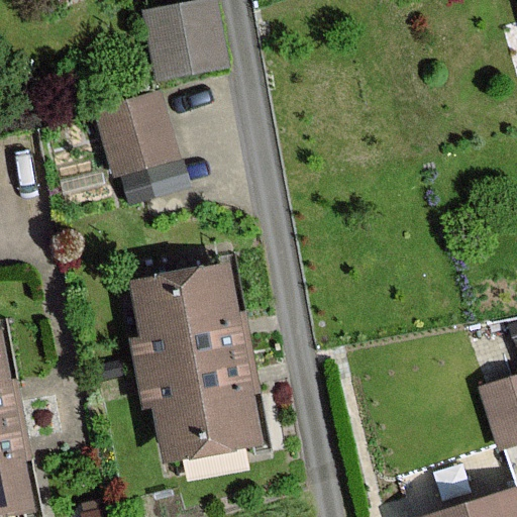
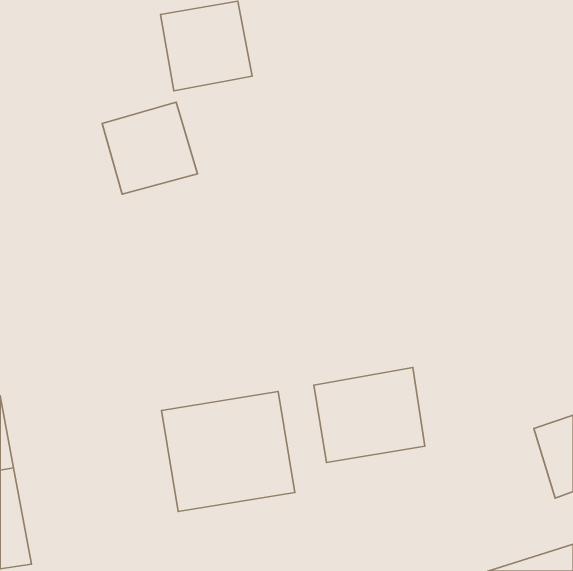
building: [130,263,250,370] -> none
building: none -> [314,367,425,462]

